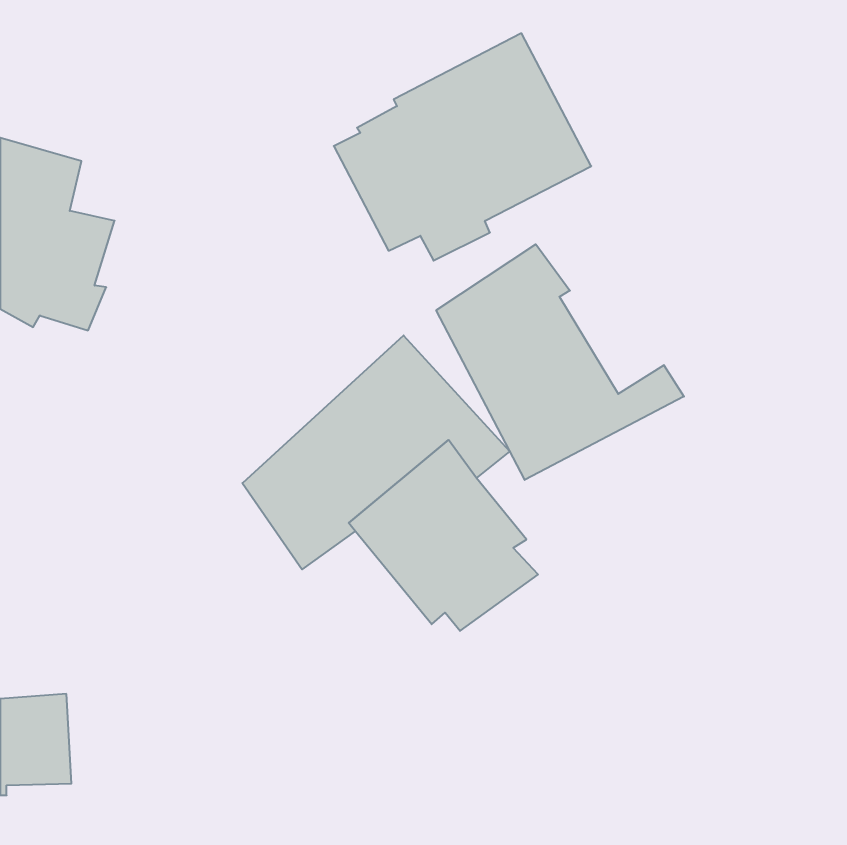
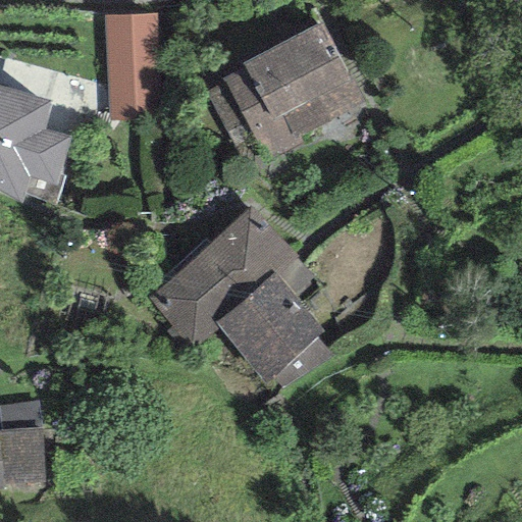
building: none -> [103,14,160,118]
building: [436,244,684,480] -> none

